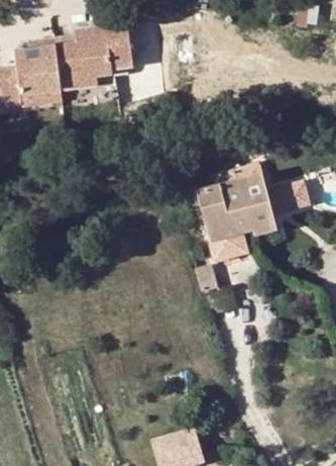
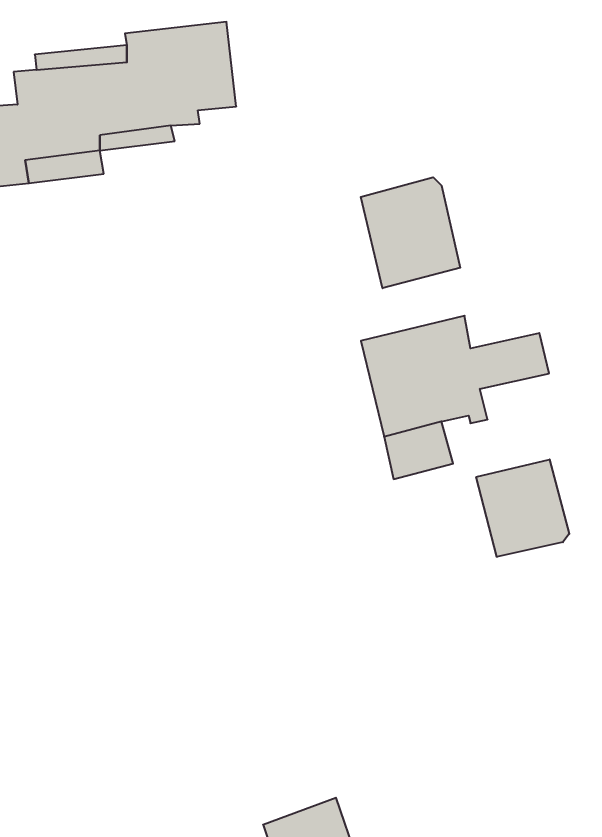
building: none -> [361,177,460,288]
building: none -> [476,459,569,557]

